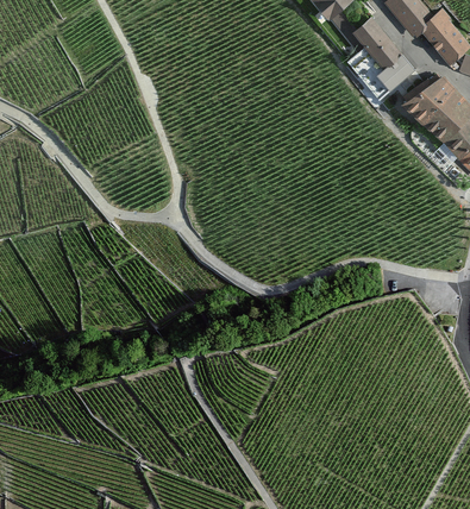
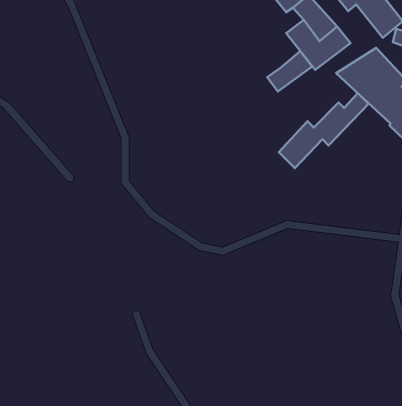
building: none -> [267,51,312,91]
building: none -> [279,93,368,168]

